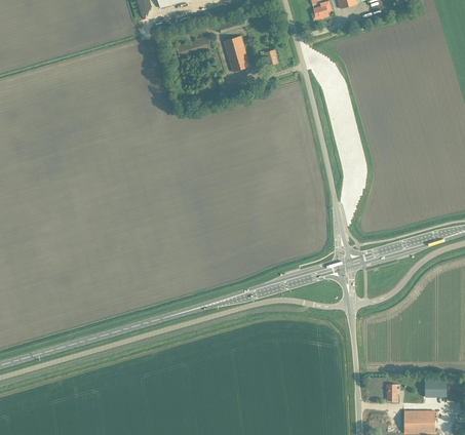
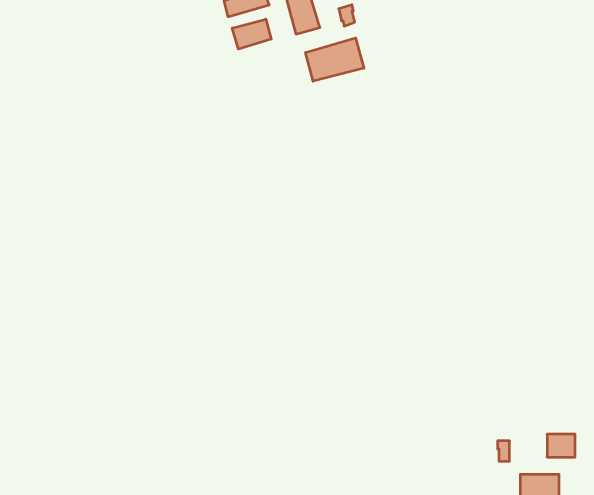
building: none -> [232,19,271,49]
building: none -> [306,38,364,81]

